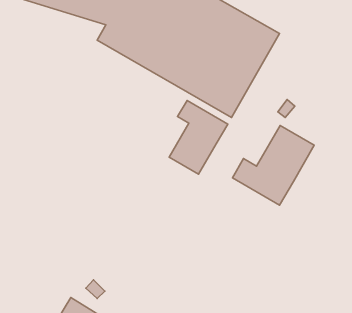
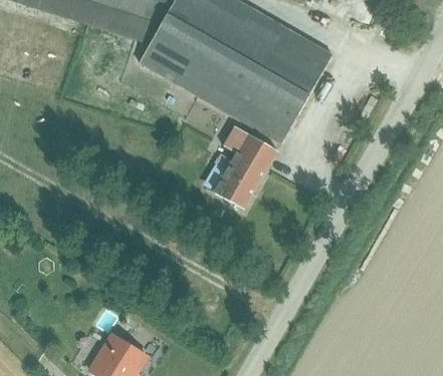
building: [232,126,314,205] -> none

